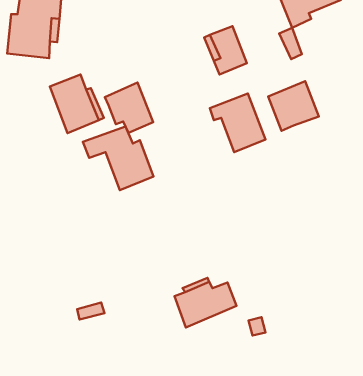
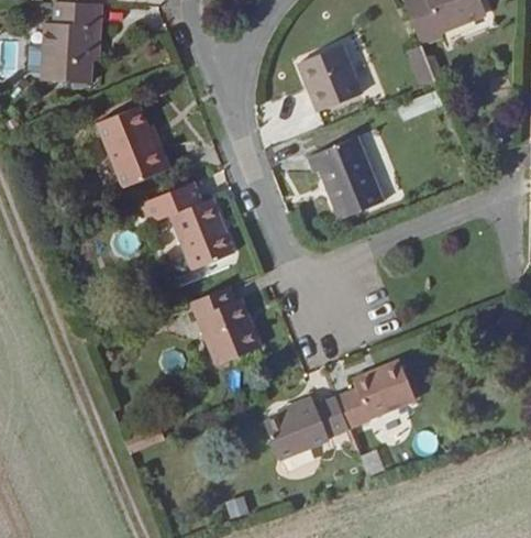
building: [268,81,319,131] -> none
building: [105,83,153,133] -> none
building: none -> [184,287,254,366]
building: none -> [336,358,418,427]

